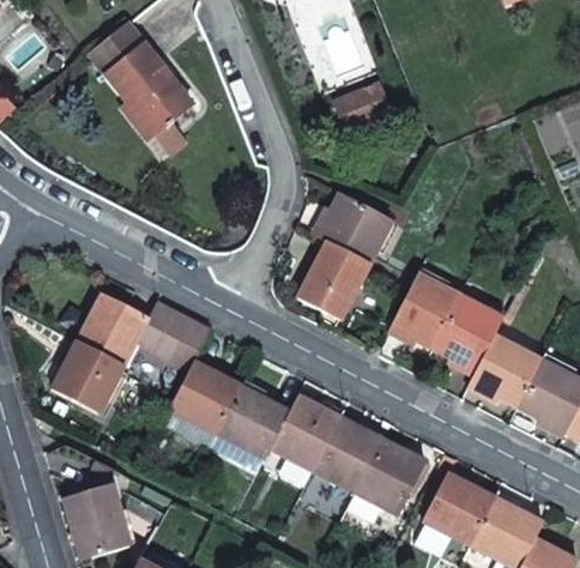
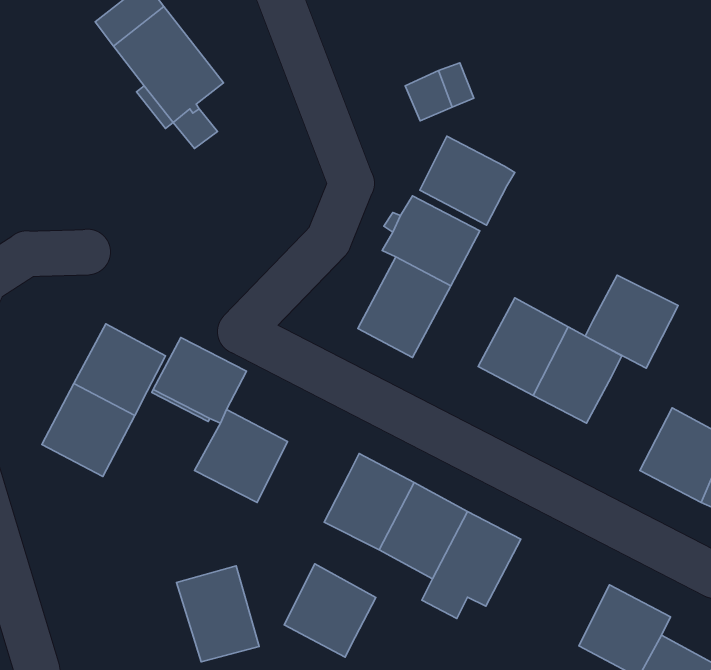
building: none -> [420,136,515,225]
building: [471,334,544,407] -> [585,275,678,368]
building: [218,385,290,458] -> [284,564,376,657]
building: [423,472,495,545] -> none
building: [64,483,128,558] -> [177,566,259,662]

